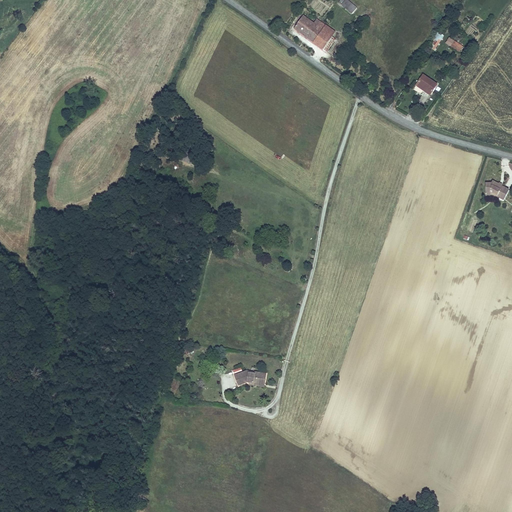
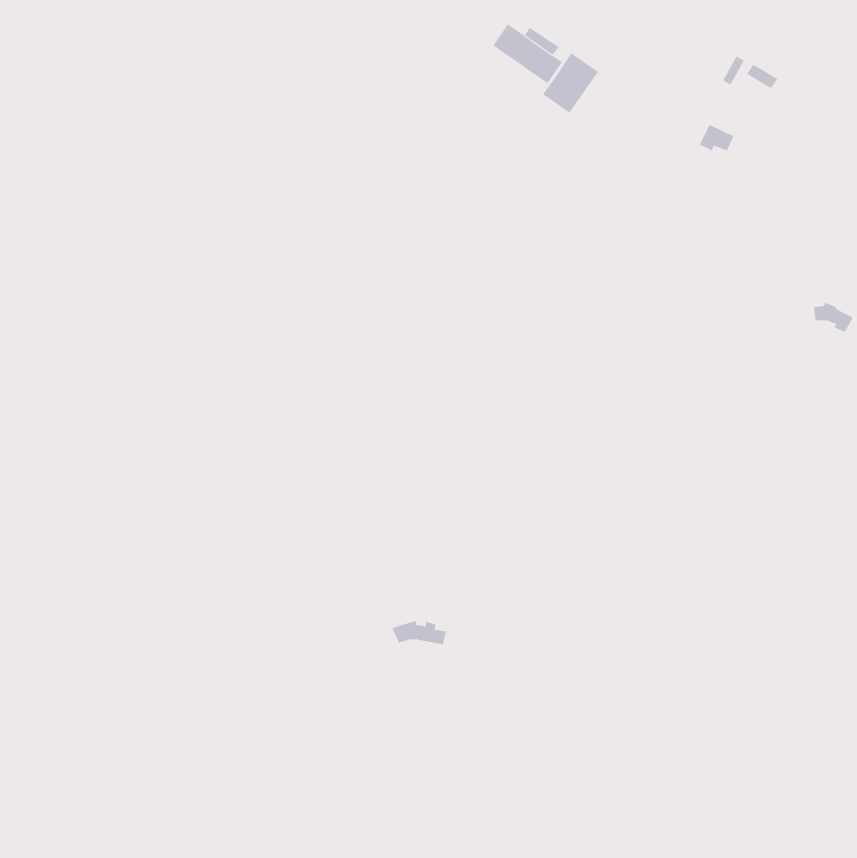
building: none -> [542,53,599,114]

